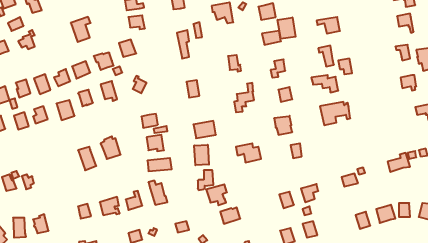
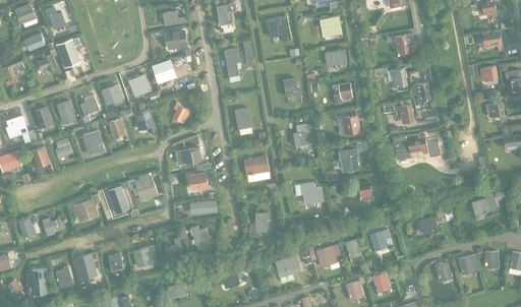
building: [71,17,91,42] -> [58,37,81,66]
building: [278,17,296,39] -> none
building: [194,145,209,165] -> none
building: none -> [73,193,101,223]
building: [206,184,227,205] -> [315,245,340,269]
building: none -> [76,252,98,280]

